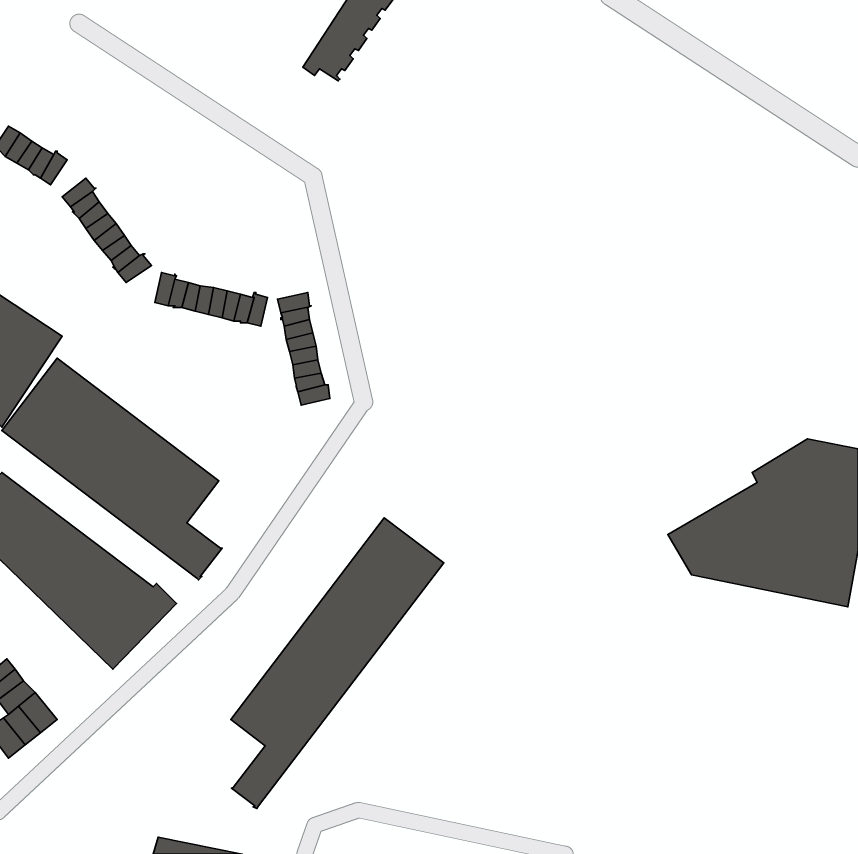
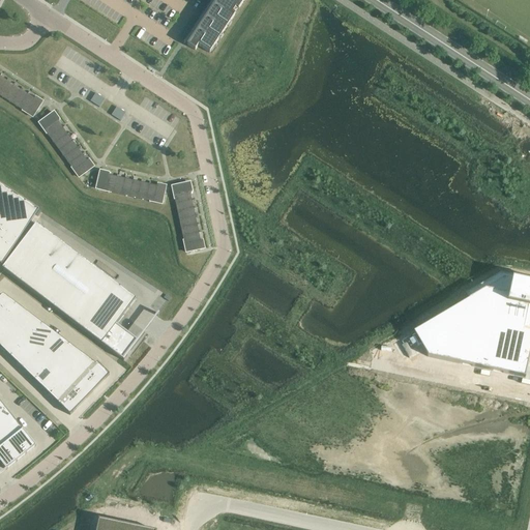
building: [231,518,444,808] -> none

